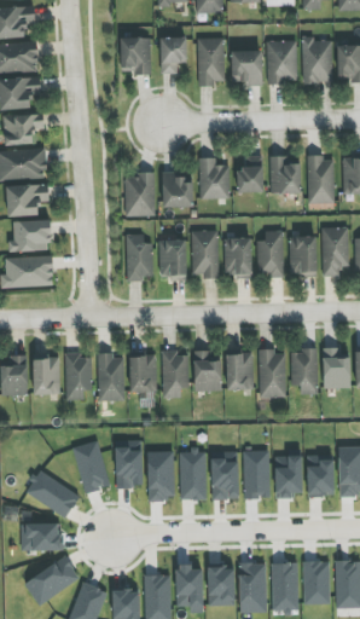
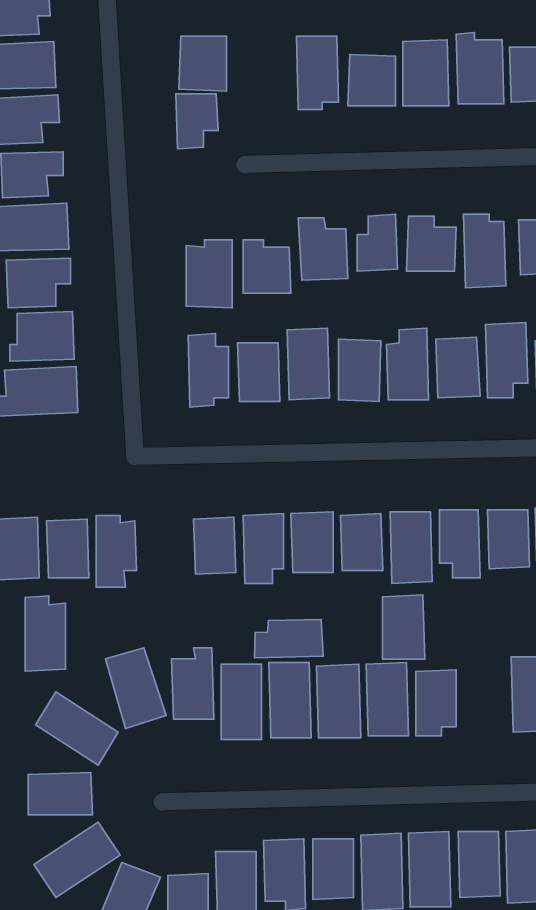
building: [159,37,187,74] -> [176,94,218,149]
building: [98,352,124,401] -> [25,596,65,671]
building: none -> [255,619,323,658]
building: [307,453,335,496] -> [382,595,425,659]

